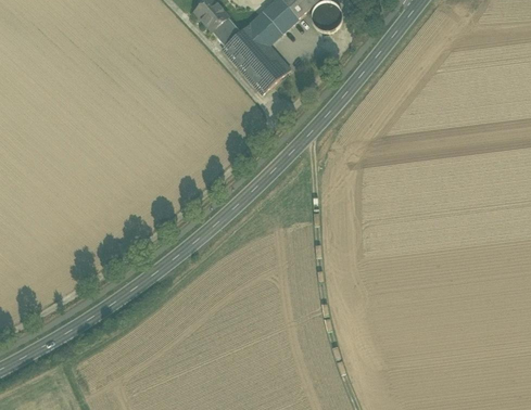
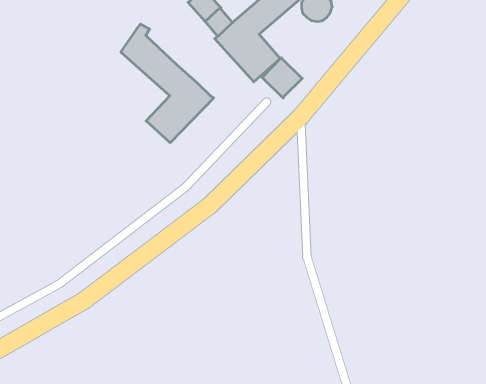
building: none -> [121,24,214,143]
building: none -> [262,58,302,98]

